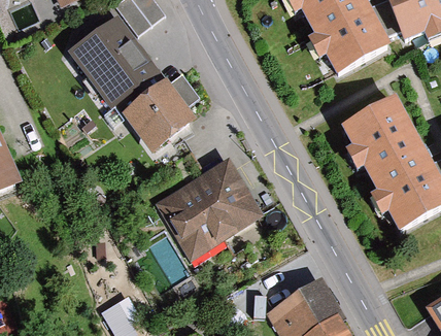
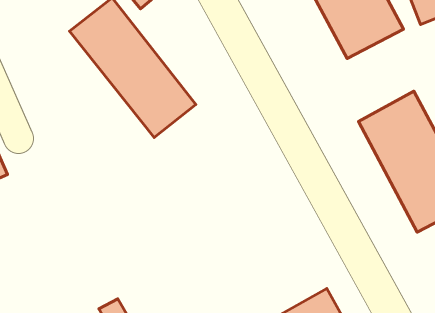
building: [162,161,260,255] -> none

